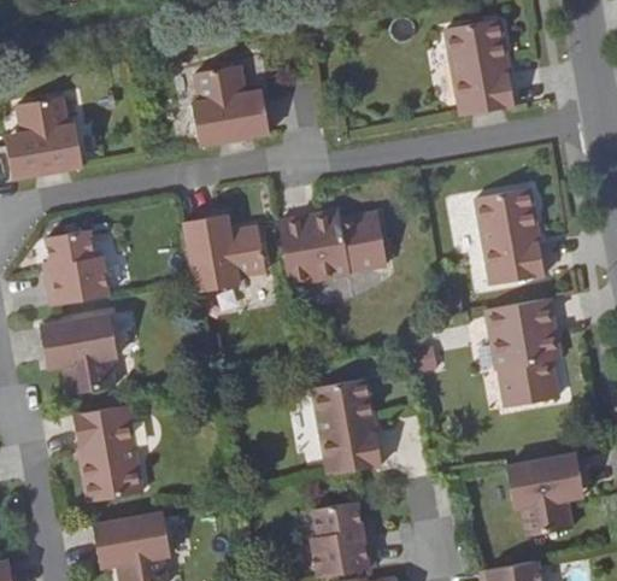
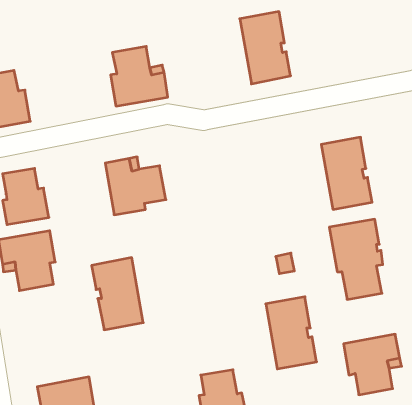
building: [446,18,515,116] -> [240,12,291,84]
building: [278,211,386,283] -> none
building: [313,377,382,475] -> [266,297,317,369]
building: [72,404,142,501] -> [92,258,143,330]

